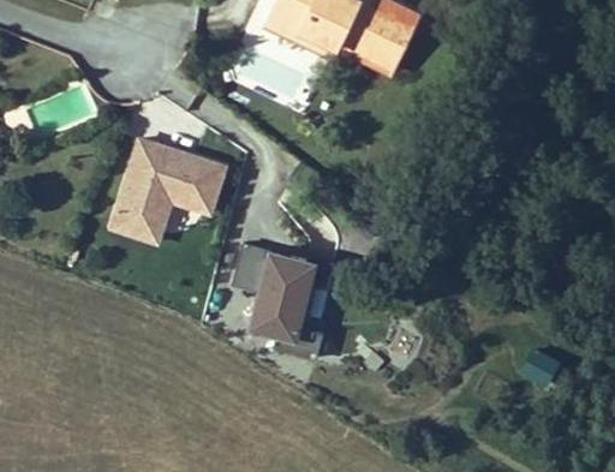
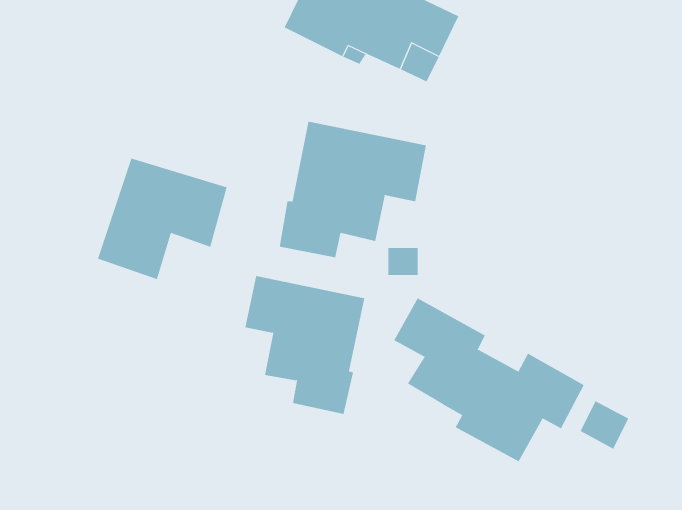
building: none -> [279,121,427,258]
building: none -> [393,298,584,462]

